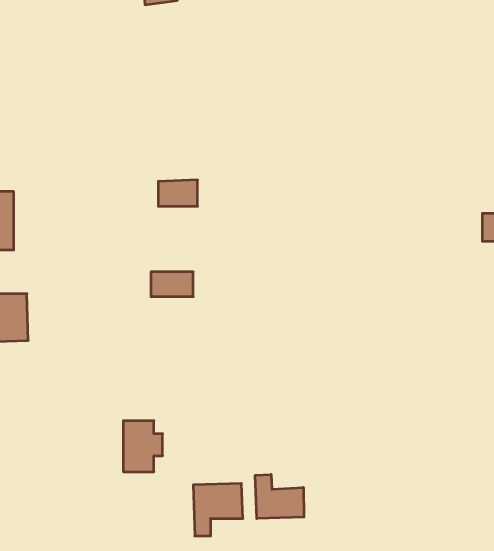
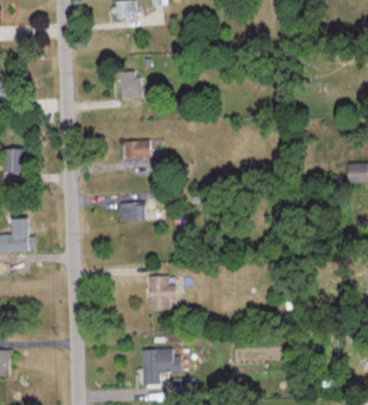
building: none -> [119,73,140,99]
building: [123,421,163,472] -> [148,276,175,311]
building: [255,474,304,519] -> none

